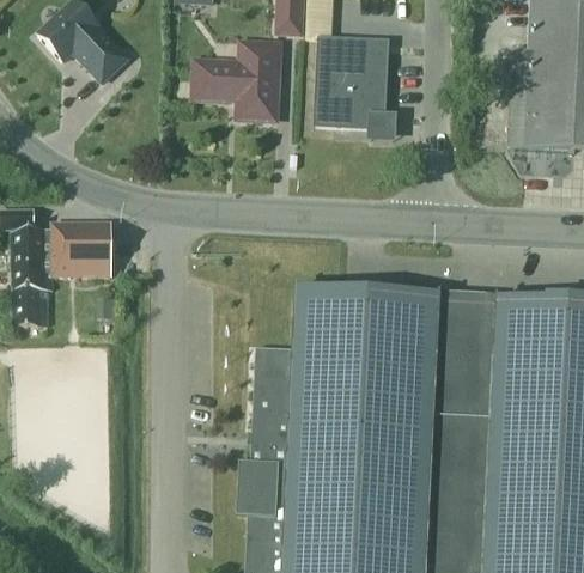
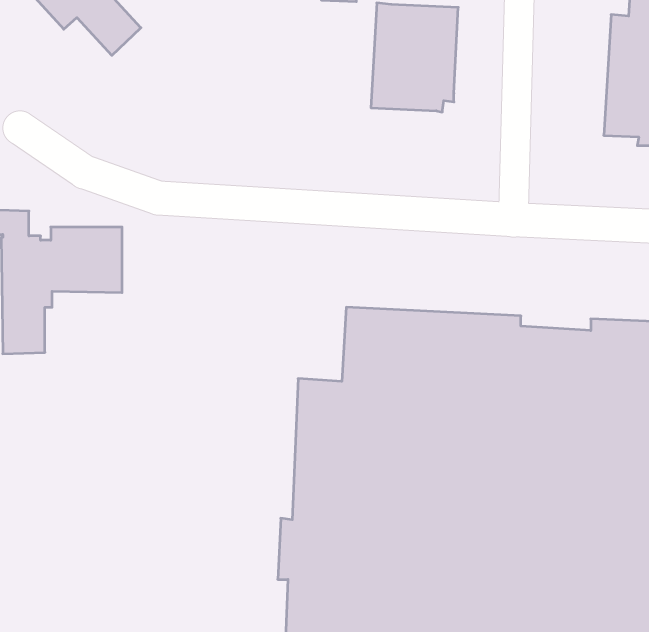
building: [195,43,279,120] -> none

